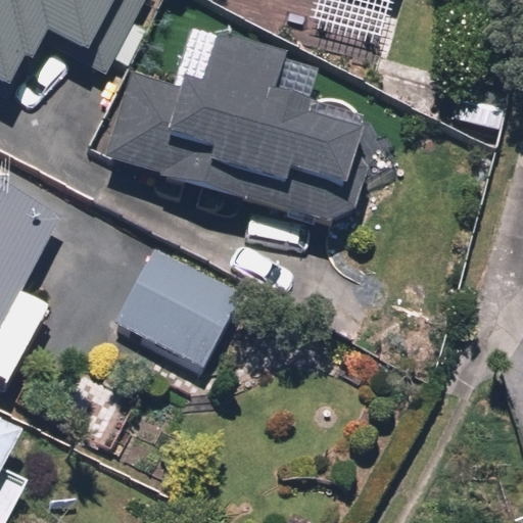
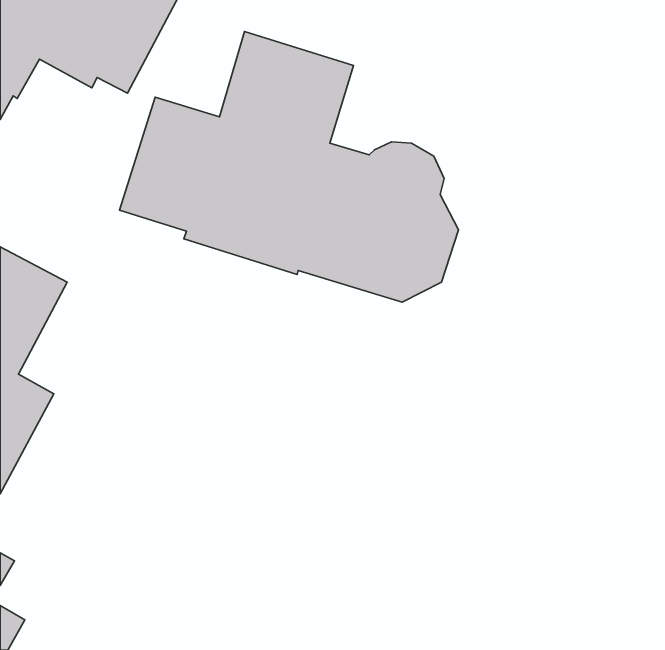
building: [113,247,240,368] -> none

